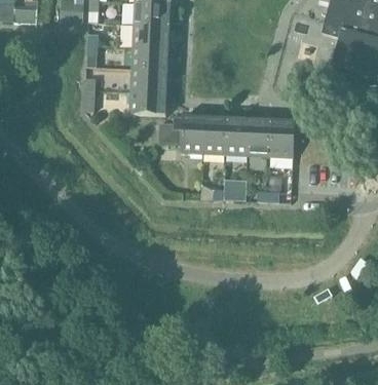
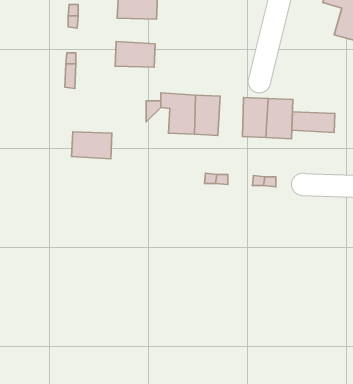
building: [130,45,167,69] -> none
building: [128,89,165,114] -> [72,132,112,159]
building: [224,117,248,154] -> none
building: none -> [292,112,335,133]

